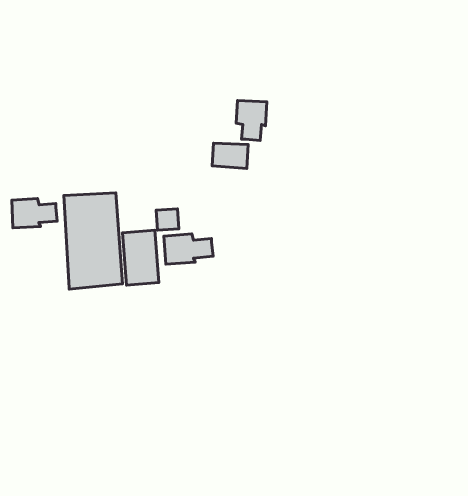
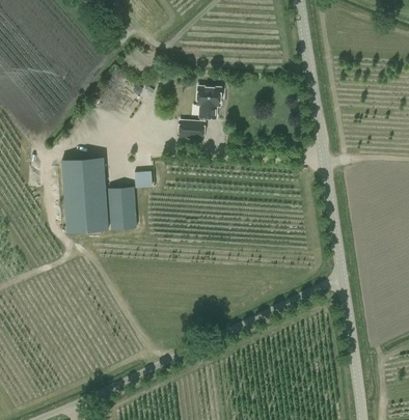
building: [12,199,57,228] -> none
building: [164,234,213,264] -> none

